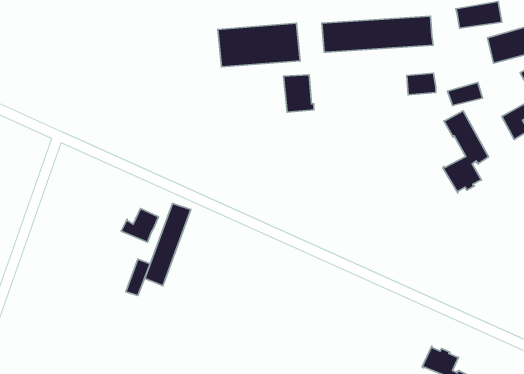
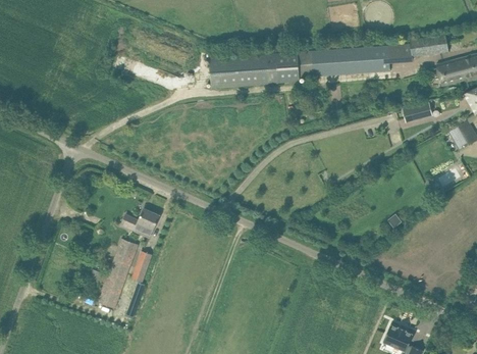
building: [407,73,436,95] -> [388,44,413,62]
building: [284,75,314,112] -> [275,52,301,84]
building: [443,111,489,193] -> none
building: [145,203,191,286] -> [99,239,138,308]

